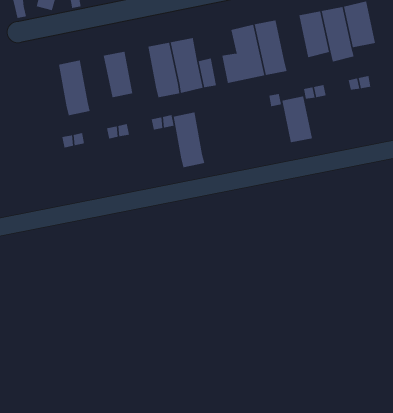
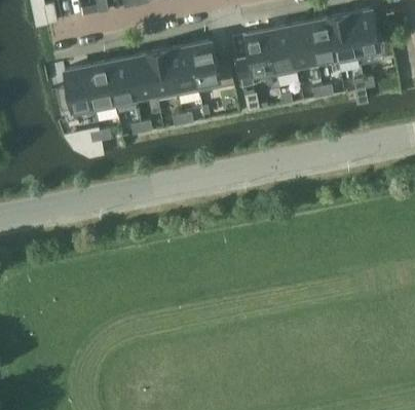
building: none -> [107,59,137,110]
building: none -> [56,67,96,118]
building: [281,96,313,143] -> [287,22,315,65]
building: [173,112,205,168] -> [148,50,178,102]

